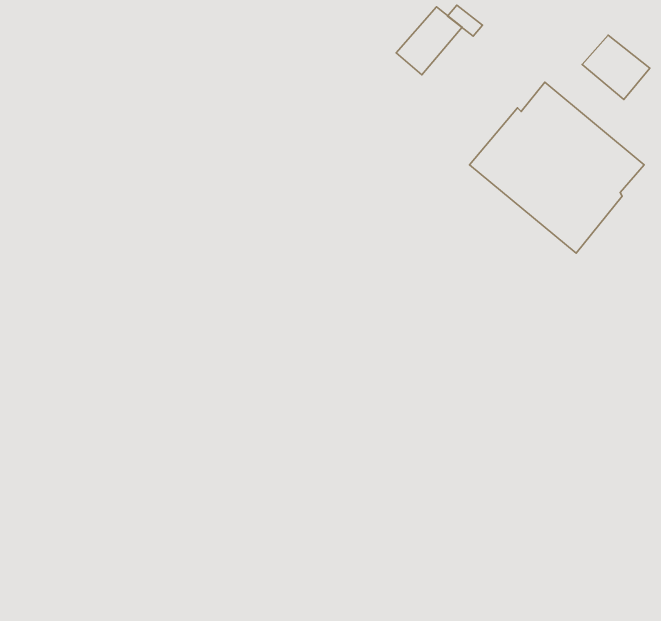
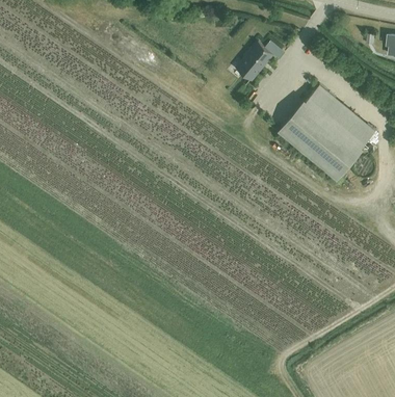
building: [582,35,650,100] -> none

